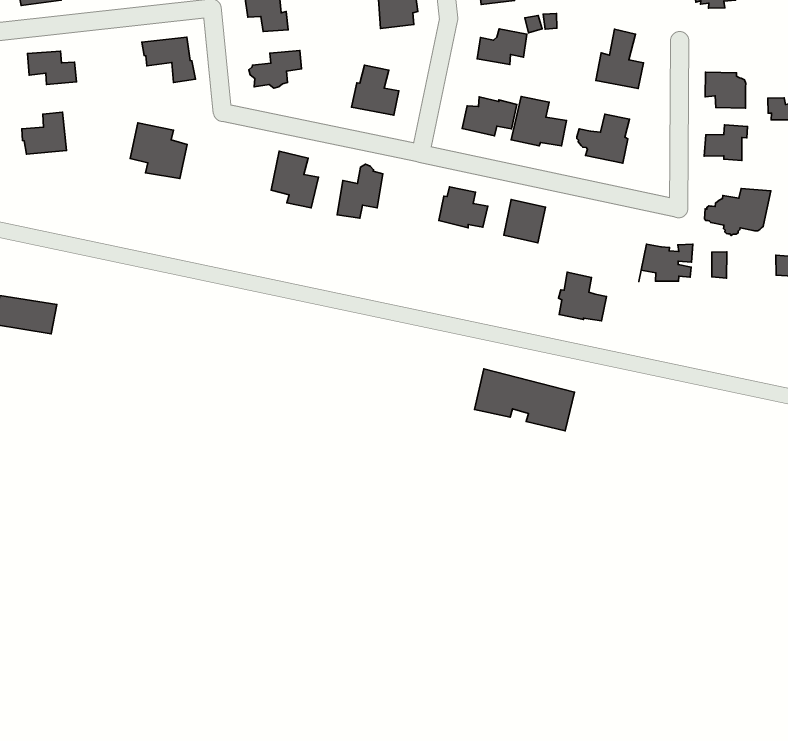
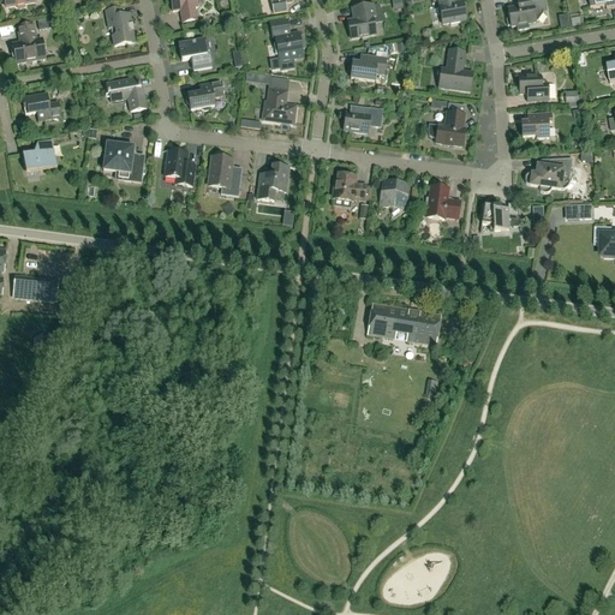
building: [511,96,567,146] -> none
building: none -> [165,148,195,184]
building: [559,272,607,321] -> [425,183,460,216]

